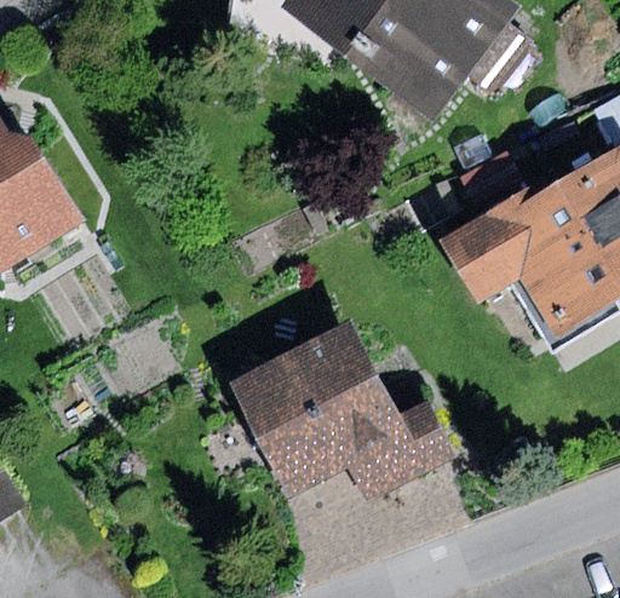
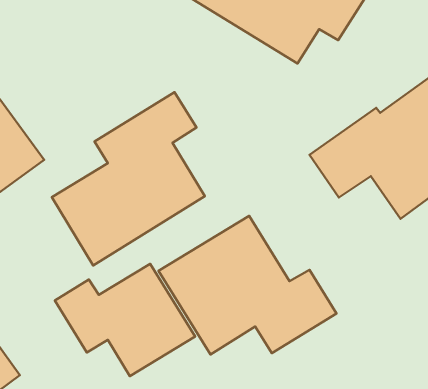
building: none -> [52,92,205,265]
building: none -> [55,264,195,376]

